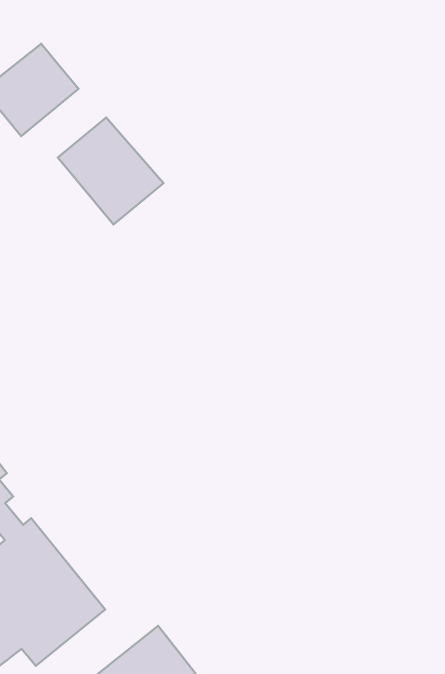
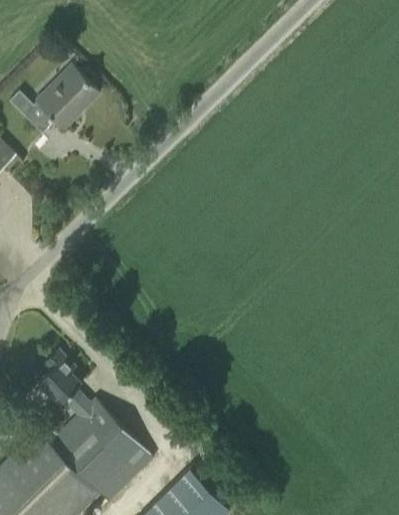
building: [58,117,163,225] -> none

